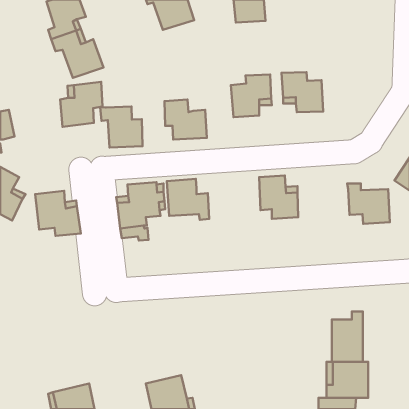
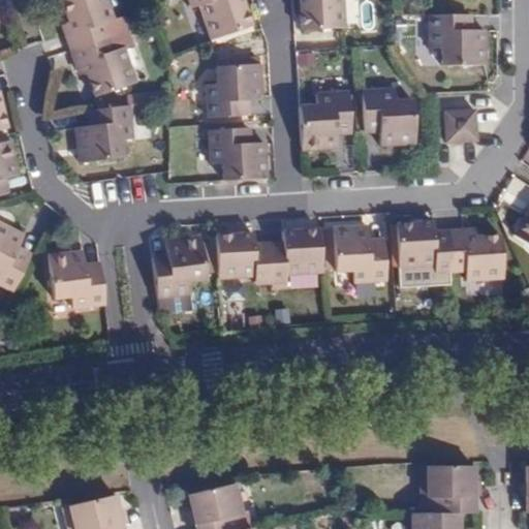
building: none -> [430,14,484,64]
building: none -> [211,67,262,117]
building: none -> [444,110,477,143]
building: [100,106,143,148] -> none
building: none -> [269,227,322,282]
building: none -> [398,227,452,278]
building: [332,312,363,362] -> none

